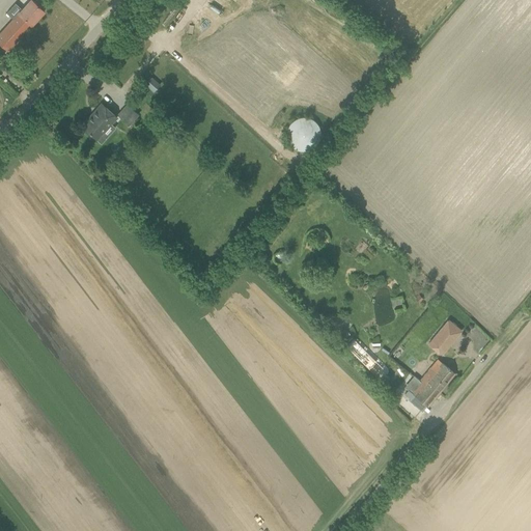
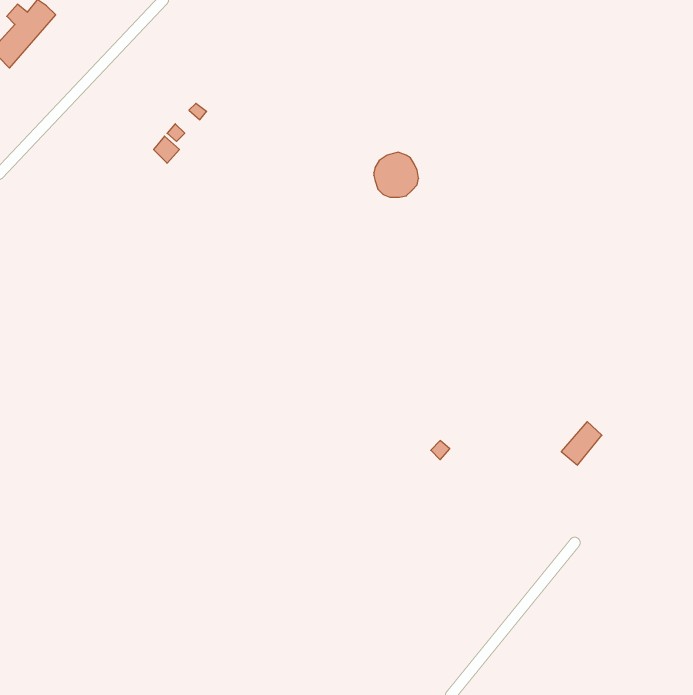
building: [81,104,115,143] -> none
building: [411,363,453,407] -> none

